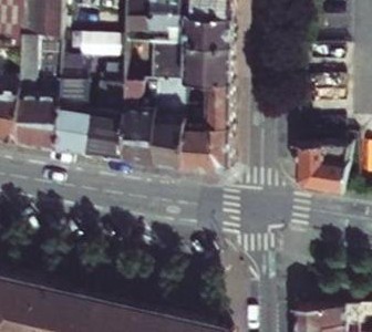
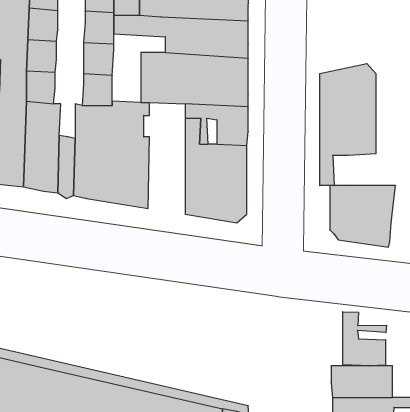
building: none -> [320,64,376,186]
building: [151,85,179,172] -> none
building: none -> [343,312,386,366]

